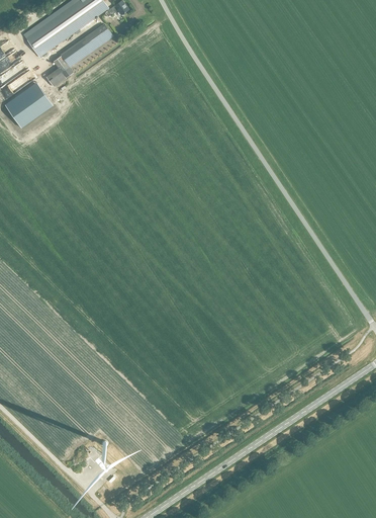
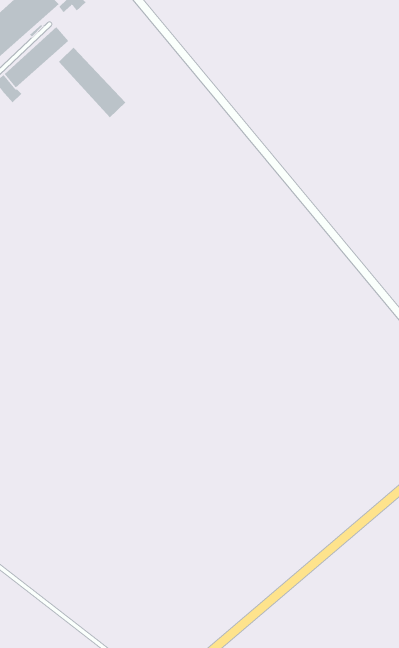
building: none -> [58,46,126,118]

